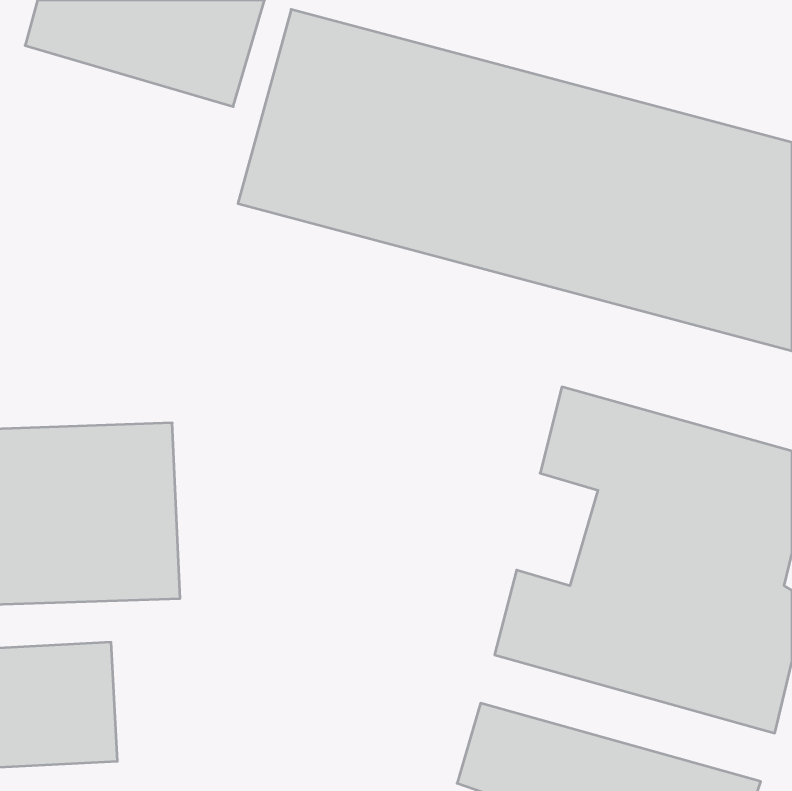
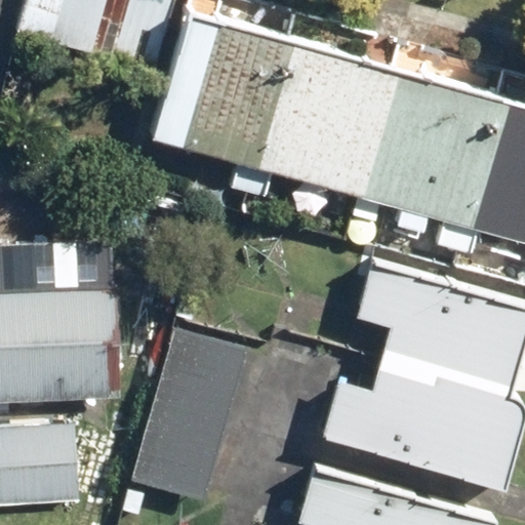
building: none -> [126,331,248,503]

